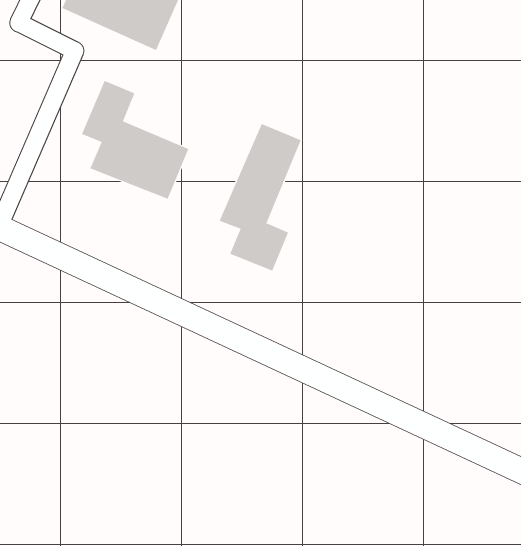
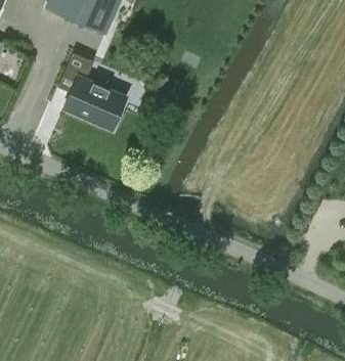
building: [219,123,302,272] -> none

